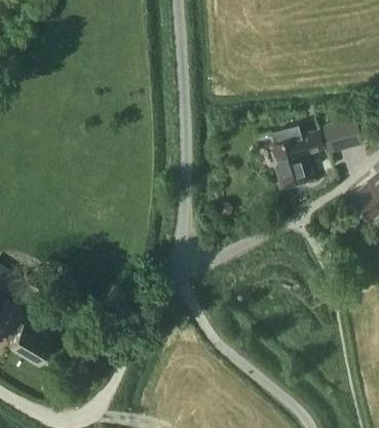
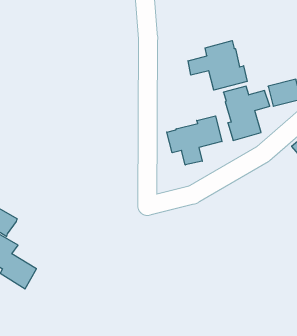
building: none -> [188,41,247,90]
building: none -> [167,116,222,165]

